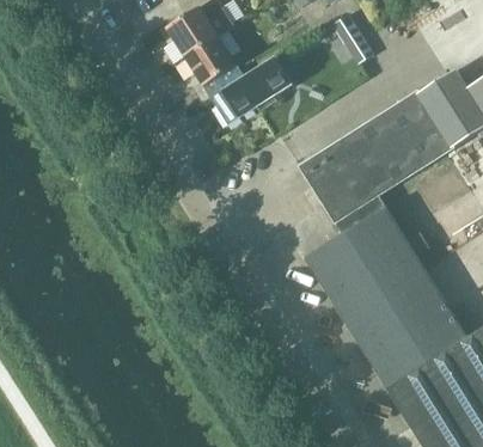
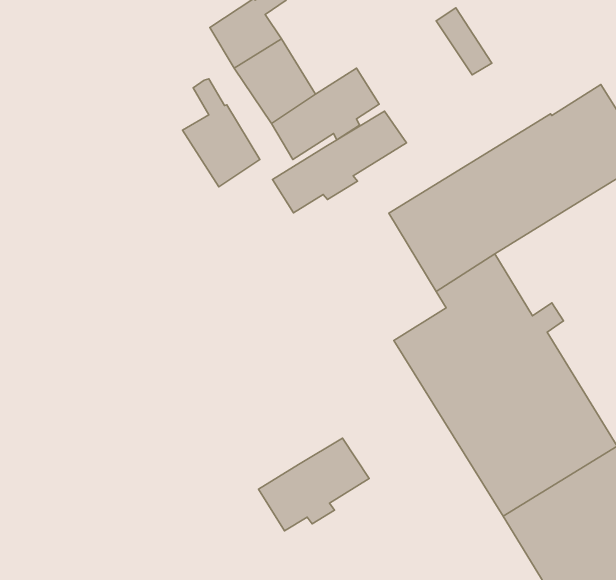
building: none -> [182,79,260,187]
building: none -> [273,111,406,213]
building: none -> [259,438,369,531]

